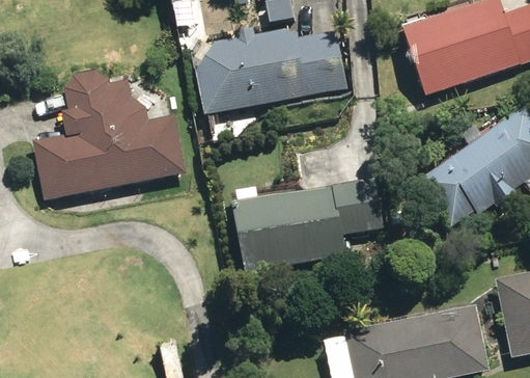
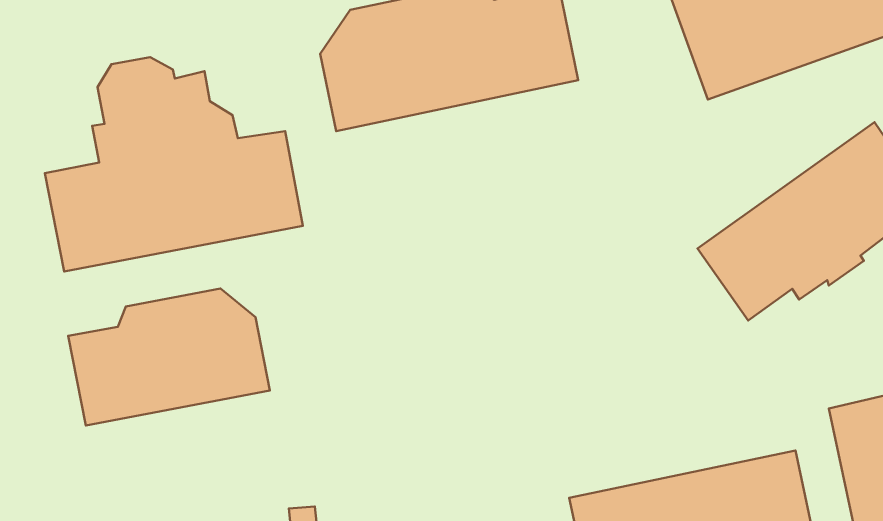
building: [229,176,384,273] -> none
building: none -> [68,289,270,426]

